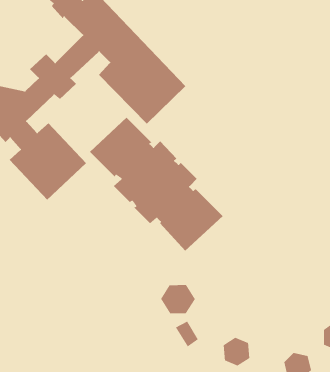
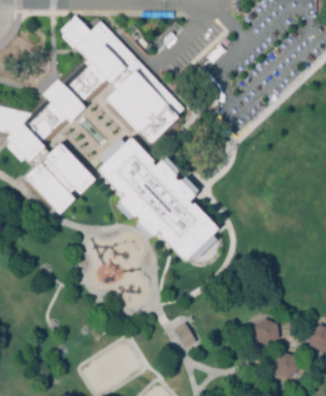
building: [160,284,196,314] -> none
building: [223,337,250,366] -> [255,319,280,346]

